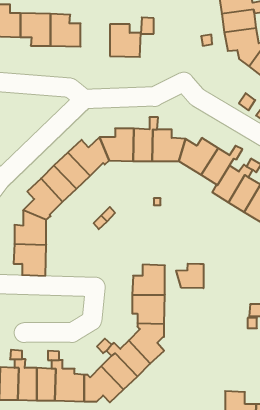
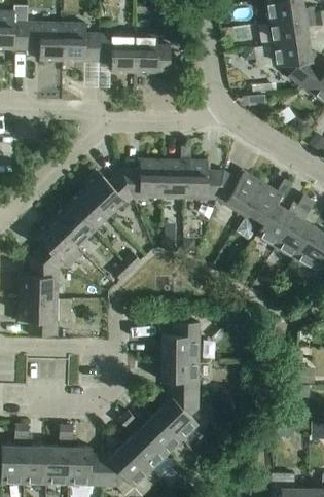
building: none -> [100,34,135,73]
building: [176,264,203,288] -> none

